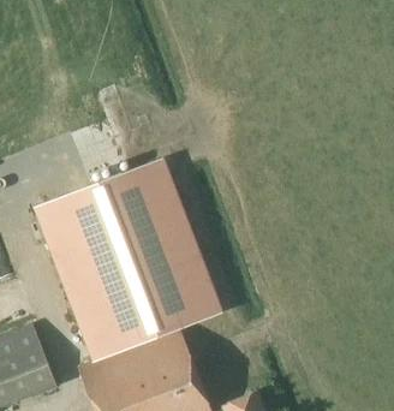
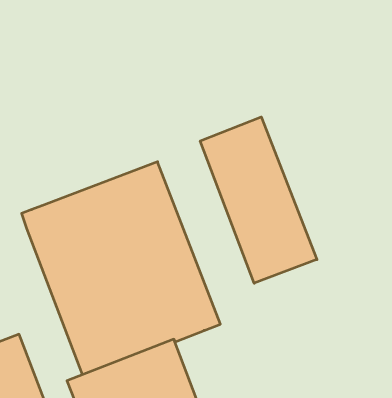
building: none -> [200,117,317,283]

